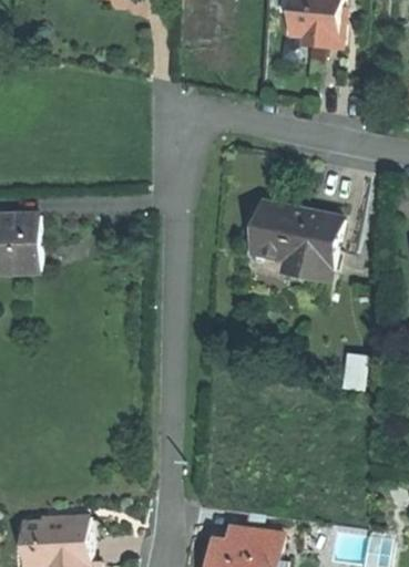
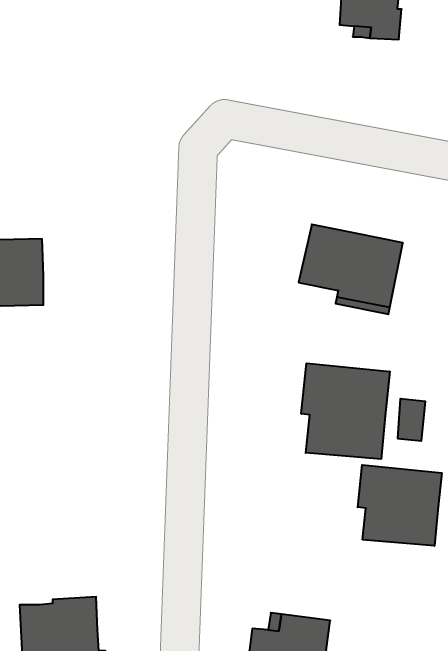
building: none -> [301,363,390,459]
building: none -> [358,465,442,546]

